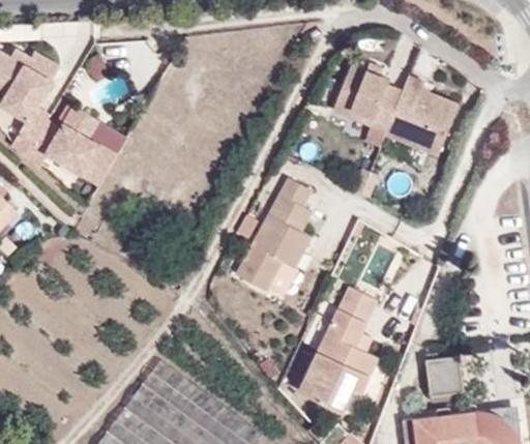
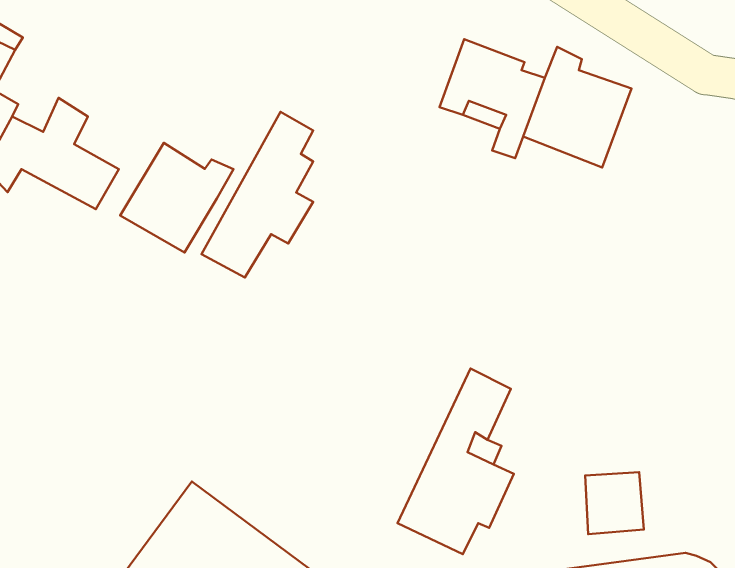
building: none -> [120,143,234,252]
building: [236,178,311,289] -> [202,112,313,277]

